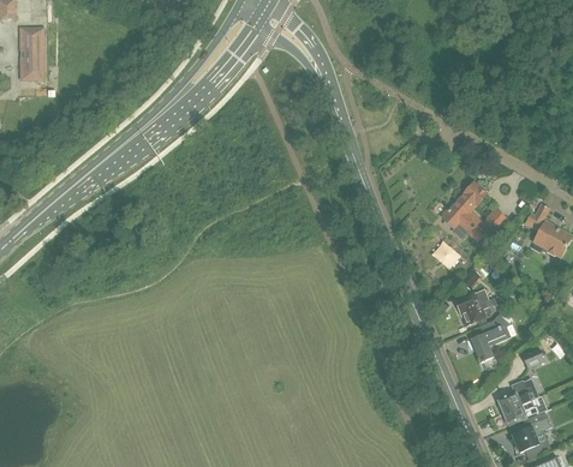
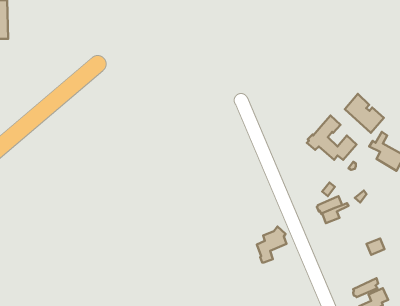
building: none -> [345,94,384,133]
building: [471,313,511,361] -> [257,227,286,263]
building: [497,381,535,412] -> none

